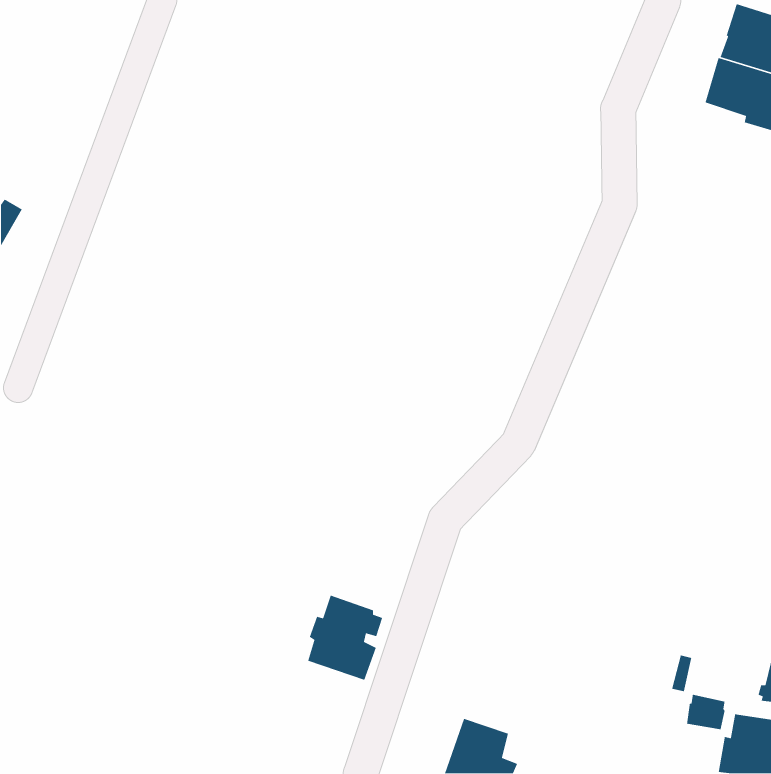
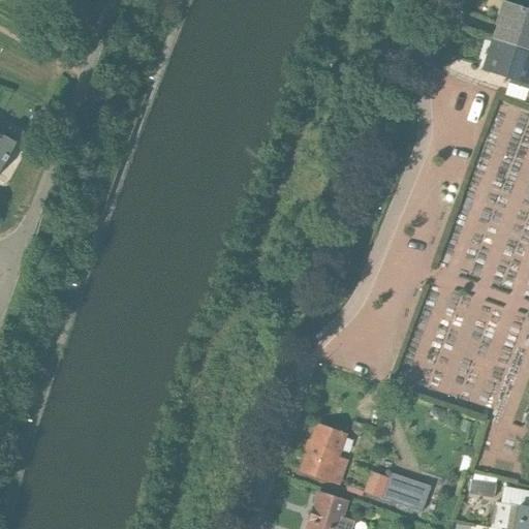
building: [307,595,383,681] -> [302,425,353,484]
building: none -> [365,472,431,511]

